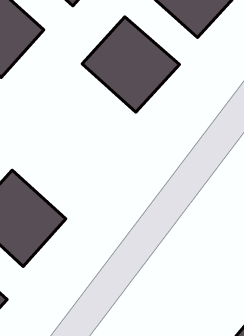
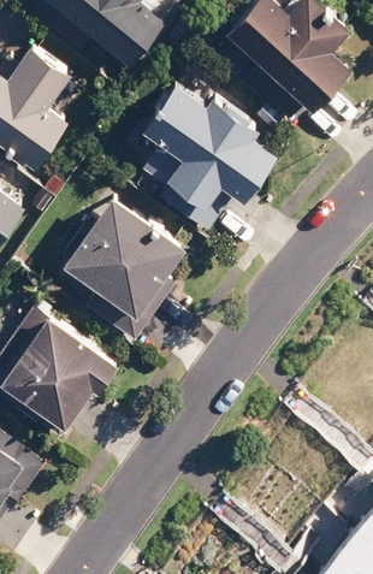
building: none -> [55,187,193,321]

